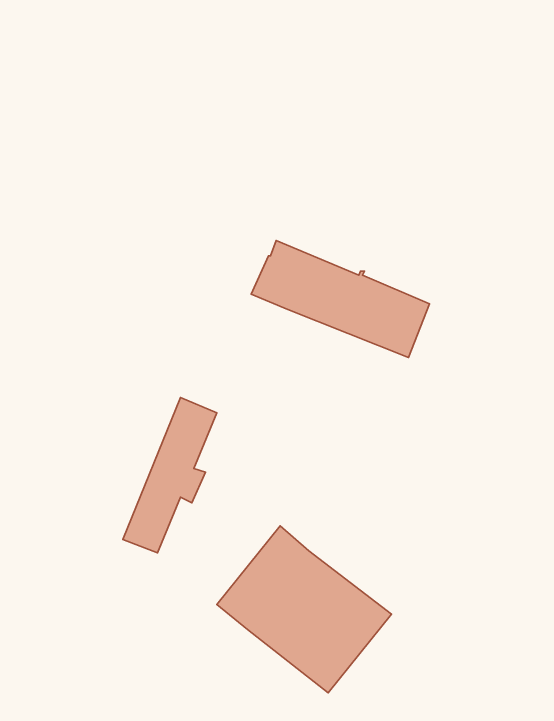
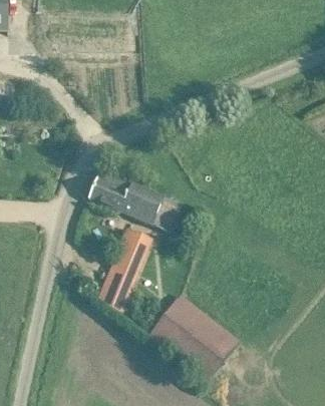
building: [251,241,430,358] -> [87,169,181,231]

